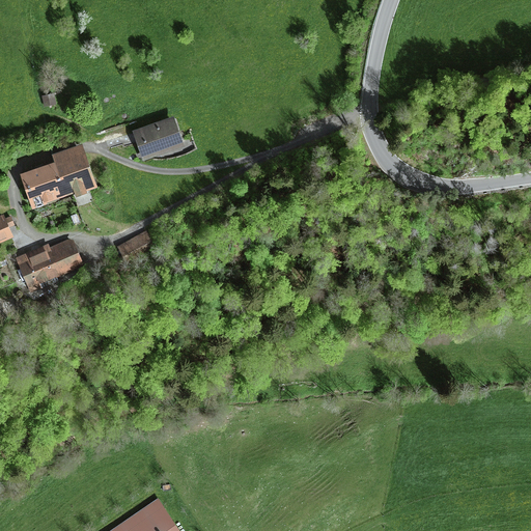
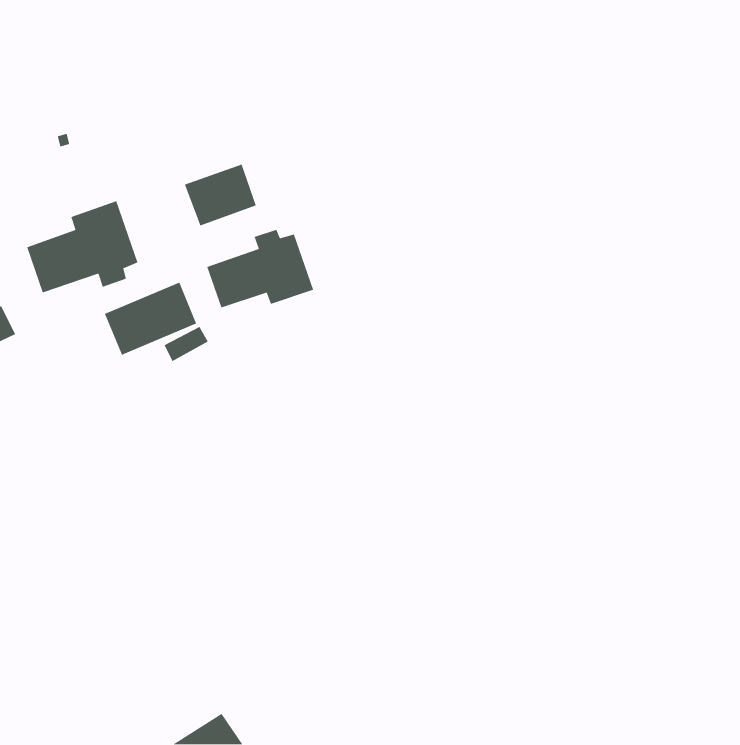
building: none -> [206,229,314,309]
building: [16,237,82,290] -> [104,281,197,356]

